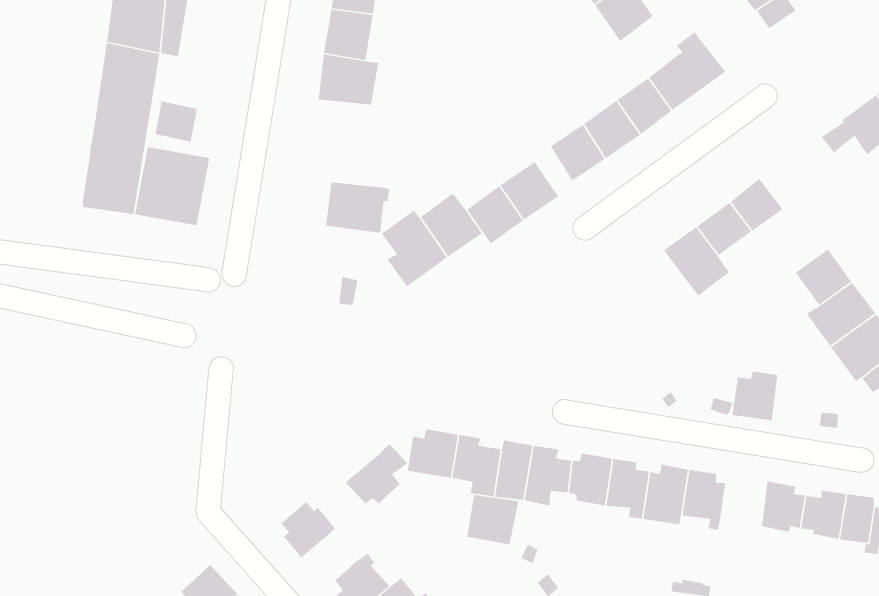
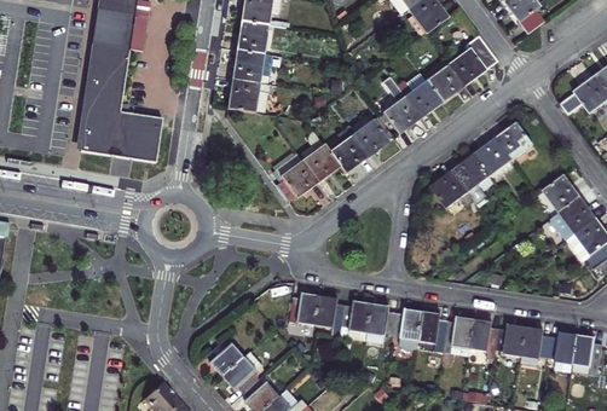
building: [155,101,198,142] -> none
building: [325,181,390,233] -> [229,79,271,112]
building: none -> [437,176,472,212]
building: [732,371,778,421] -> [495,324,525,357]
building: [345,443,408,504] -> [221,352,262,392]
building: [466,494,519,545] -> none

